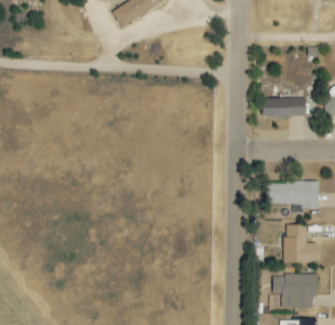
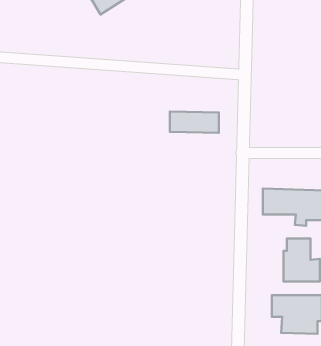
building: [262,98,305,117] -> [170,111,219,133]

